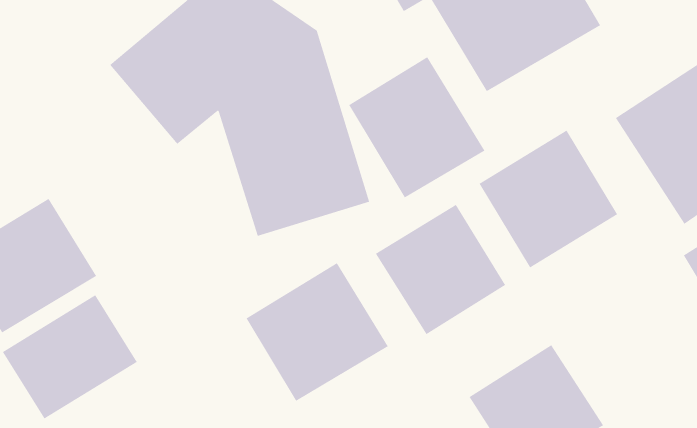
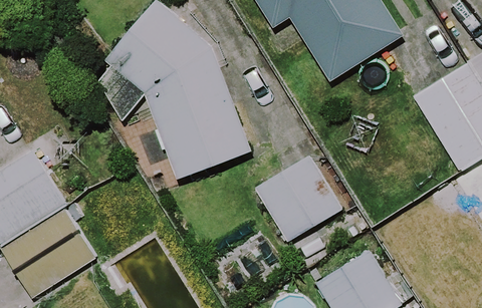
building: [348,56,485,198] -> none
building: [479,130,618,268] -> none
building: [246,262,389,402] -> none

